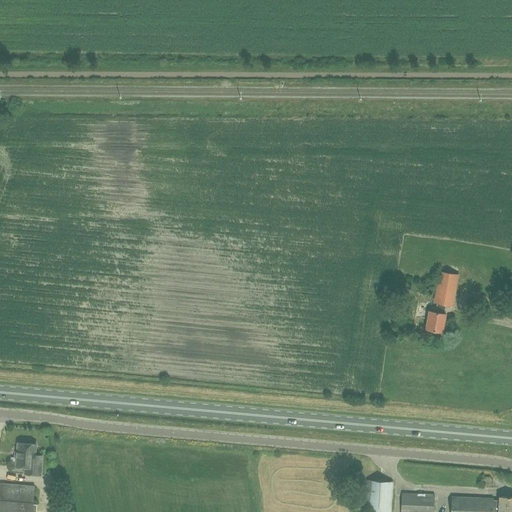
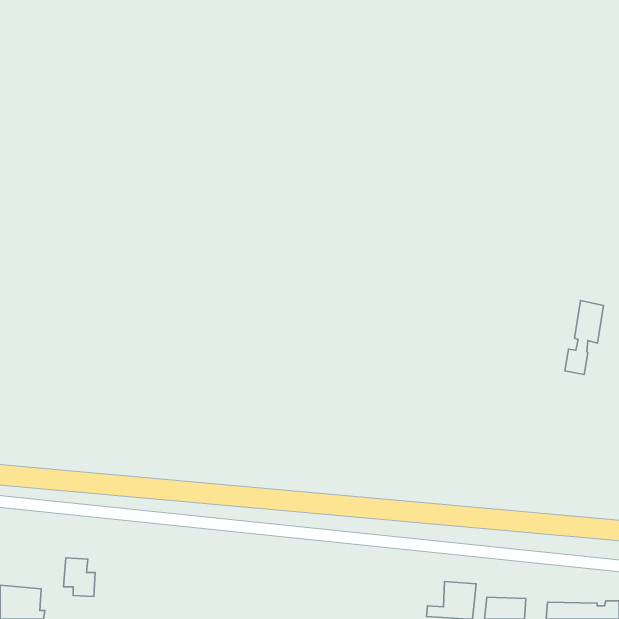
building: [426,271,458,332] -> [565,301,604,375]
building: [16,443,42,475] -> [64,558,95,597]

